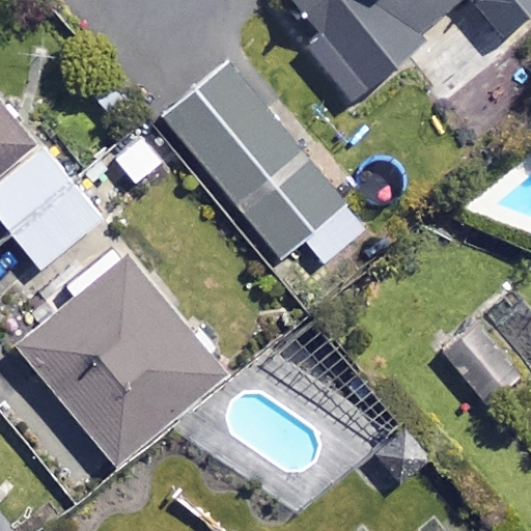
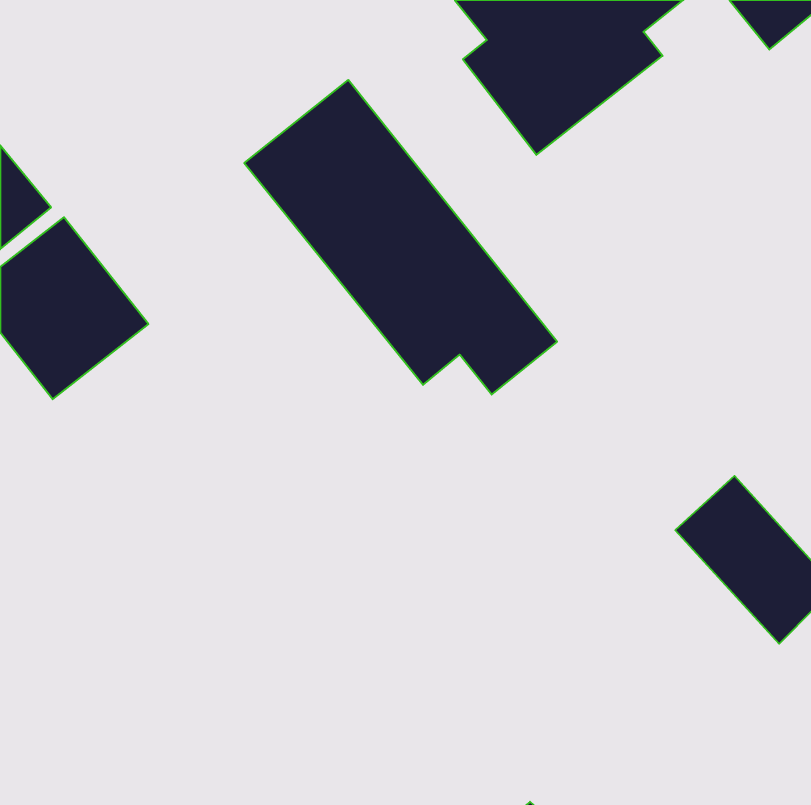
building: [15,252,223,462] -> none

